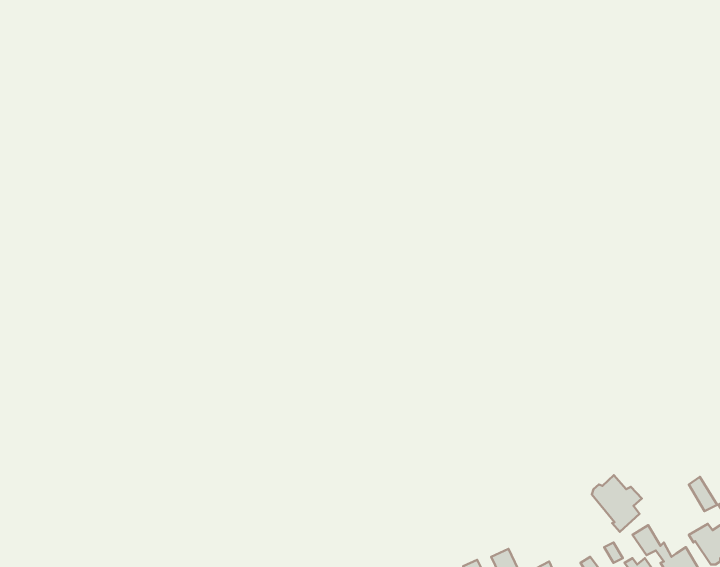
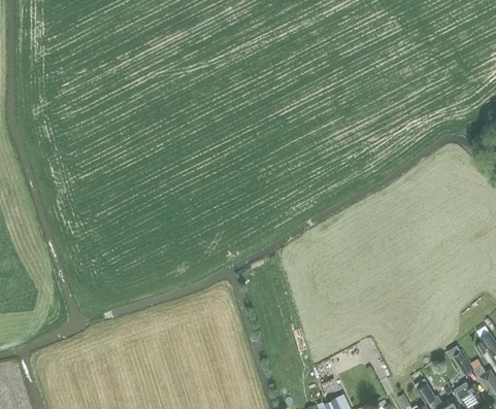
building: [592,475,642,532] -> none

